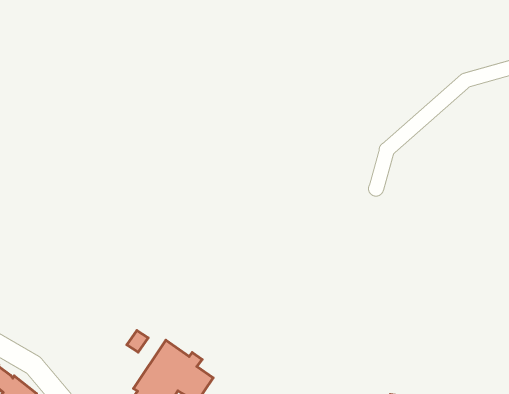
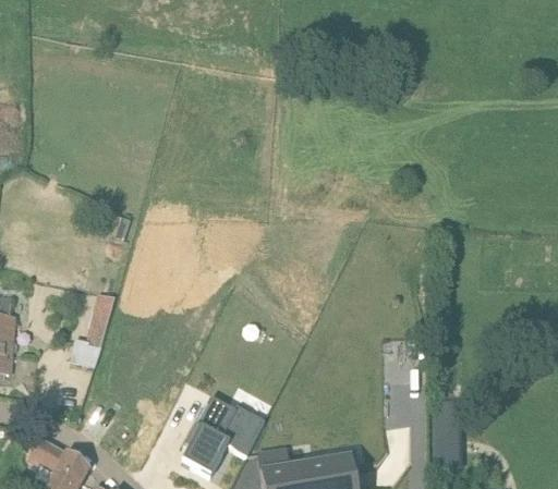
building: none -> [71,293,113,366]

